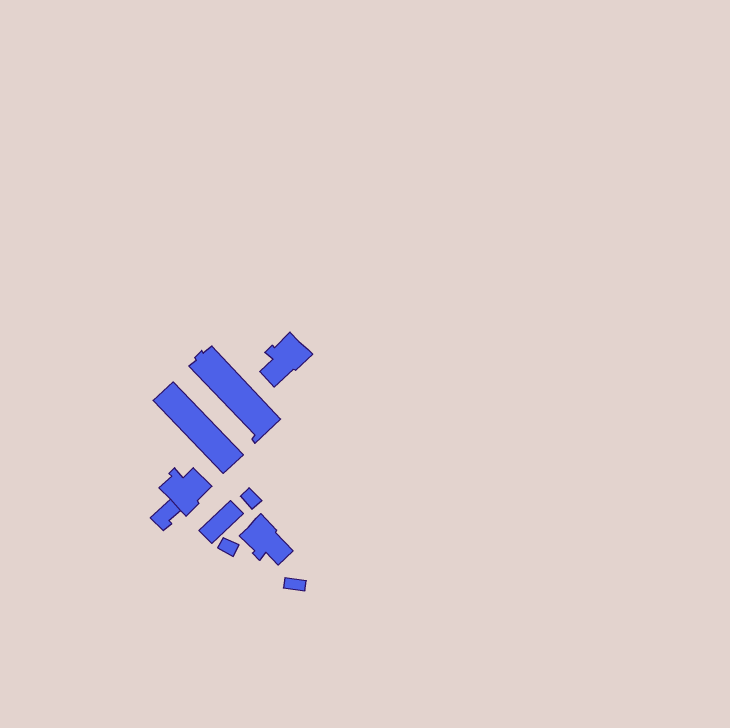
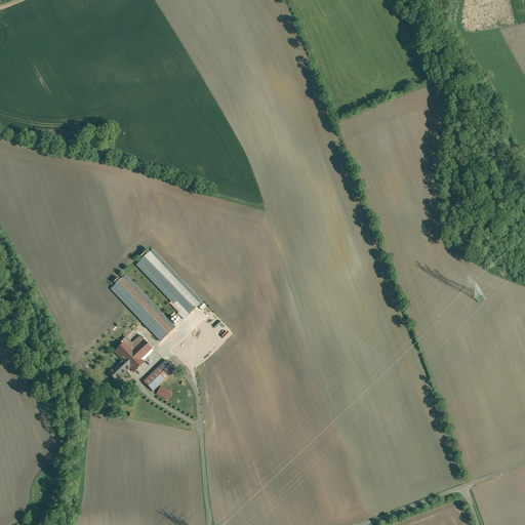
building: [260,332,313,387] -> none
building: [239,514,293,565] -> none

